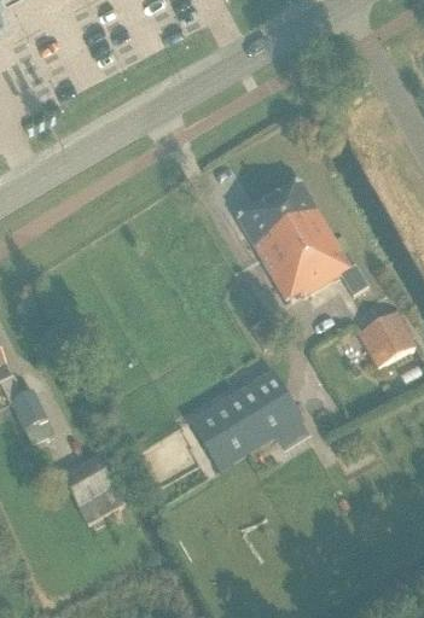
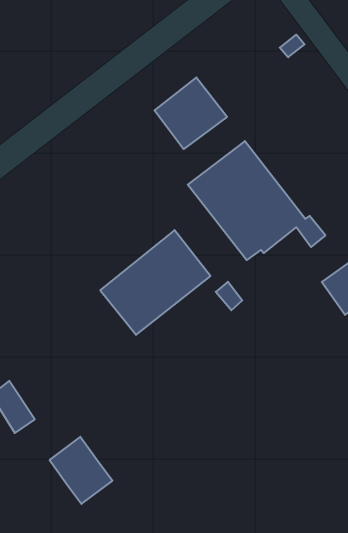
building: none -> [154,77,227,149]
building: [190,369,302,470] -> [100,230,210,335]

